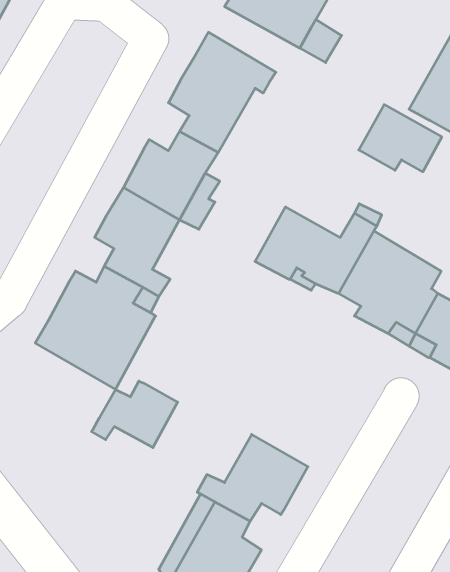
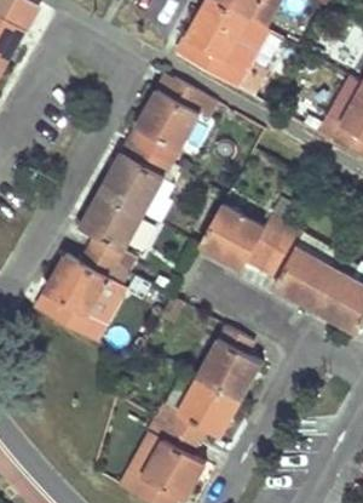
building: [359,105,442,172] -> none
building: none -> [197,325,260,400]
building: [92,381,178,448] -> none

